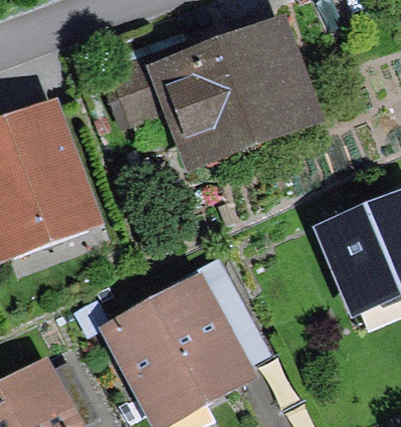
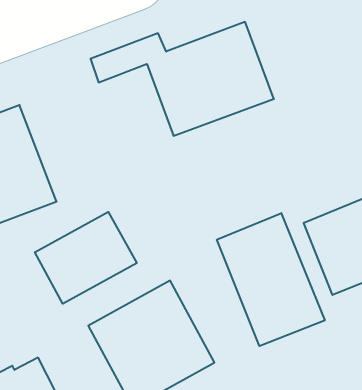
building: none -> [35,212,137,304]
building: none -> [217,213,325,346]

